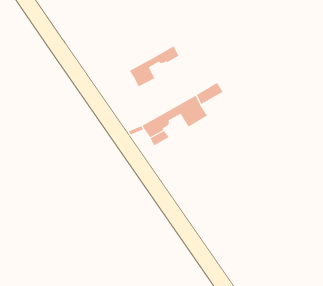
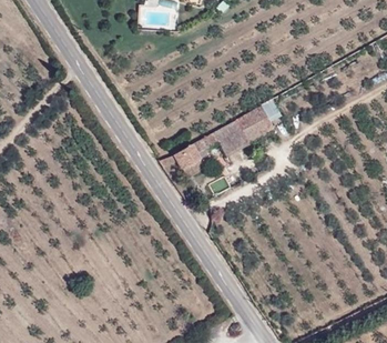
building: [129,46,179,87] -> none

